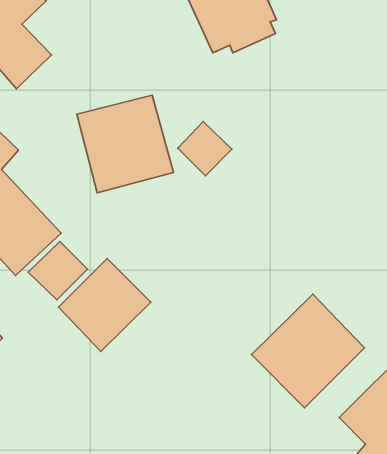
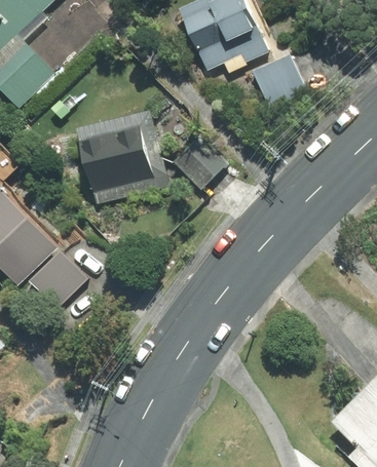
building: none -> [252,55,305,109]
building: [58,258,151,351] -> none
building: [251,294,364,408] -> none

